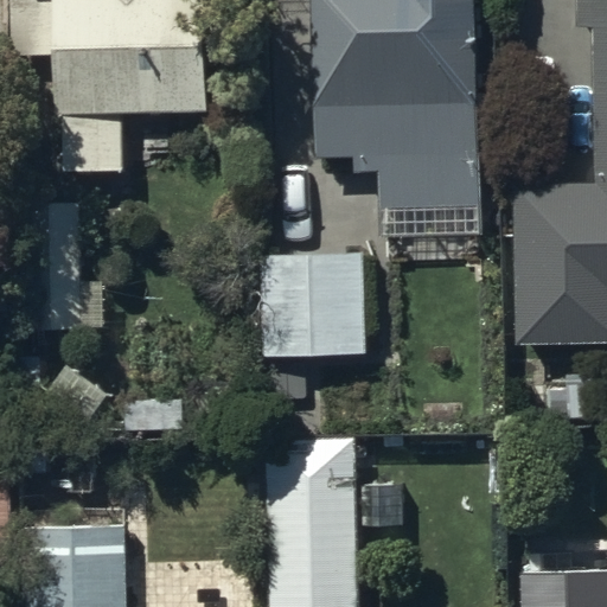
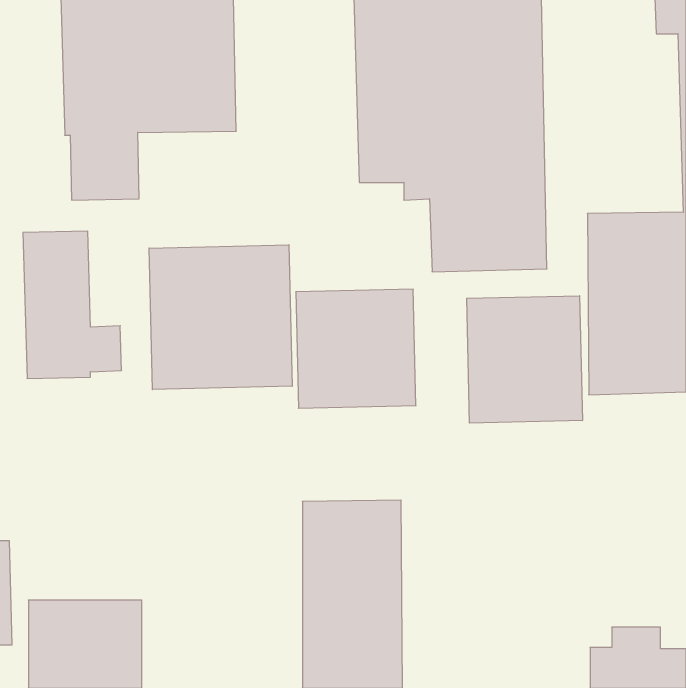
building: none -> [149,245,292,390]
building: none -> [467,296,582,423]

